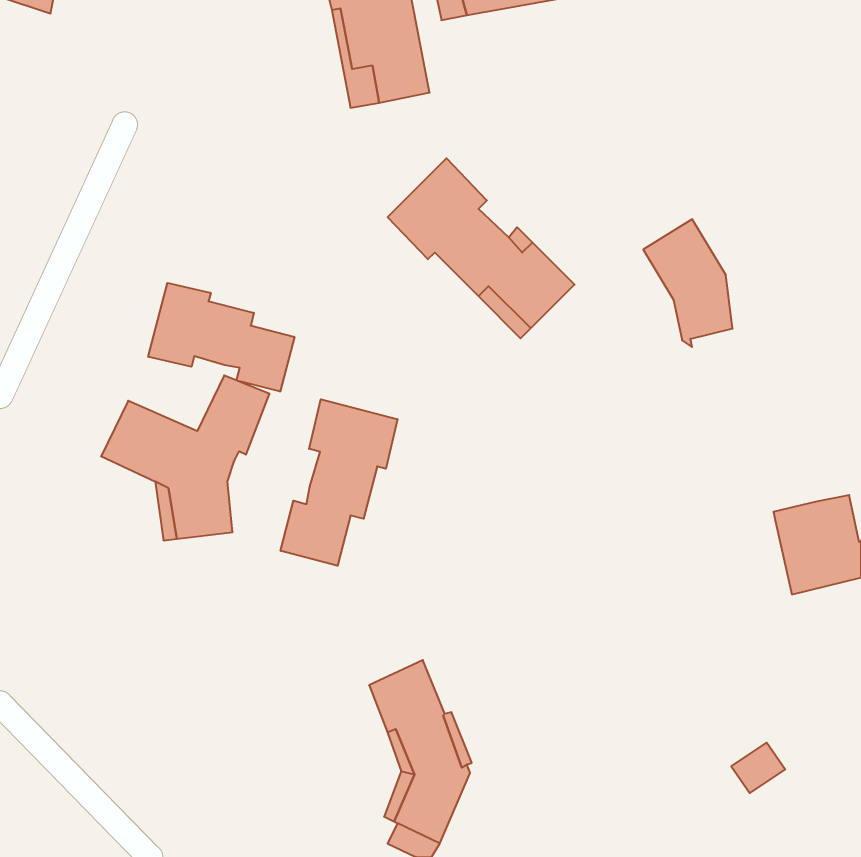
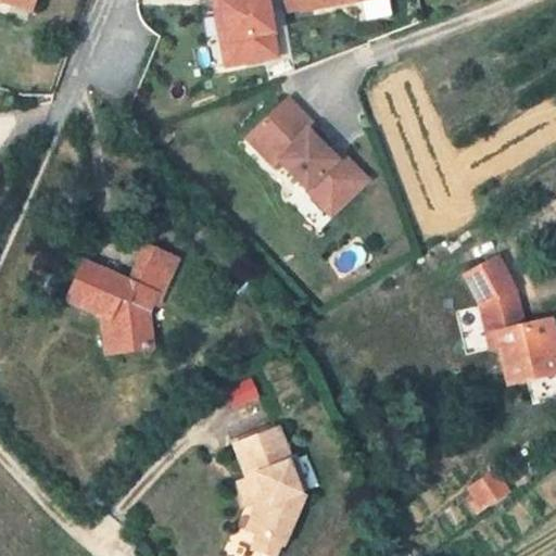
building: [643,219,733,347] -> [468,253,526,336]
building: [148,283,294,392] -> none
building: [281,399,397,566] -> none

